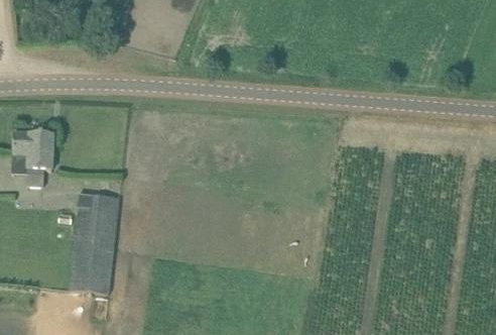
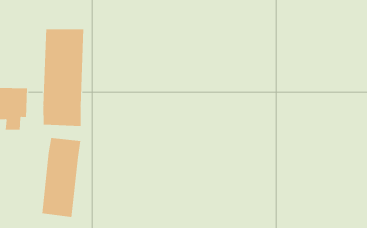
building: none -> [43,28,84,127]

